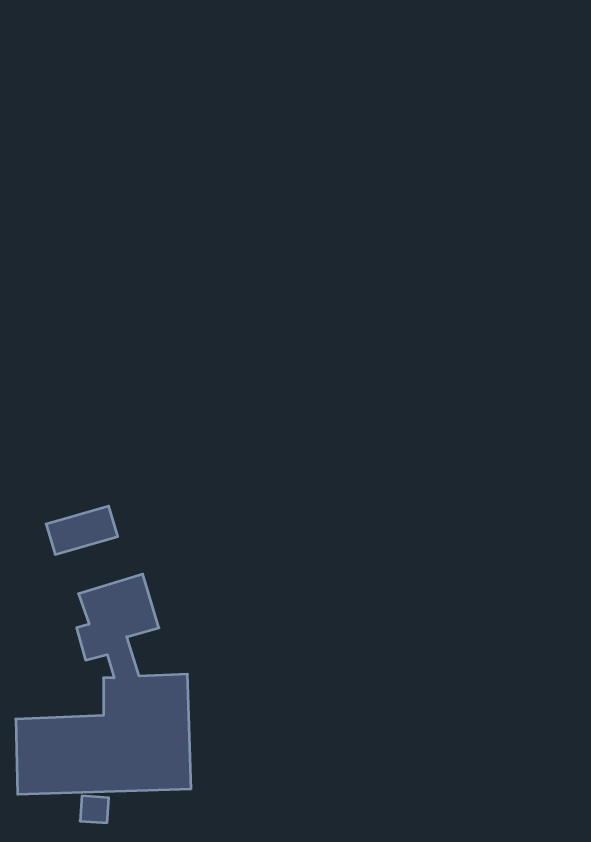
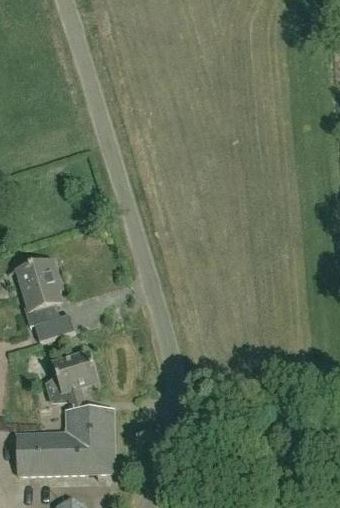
building: none -> [16,259,60,311]

